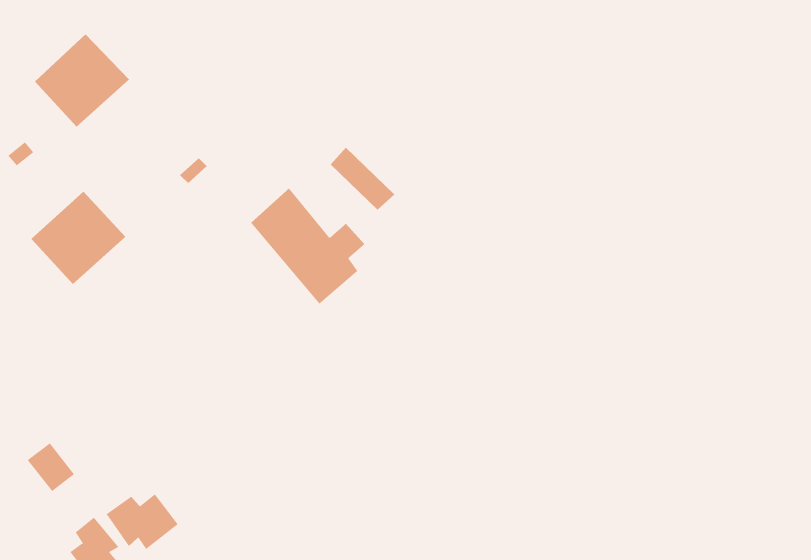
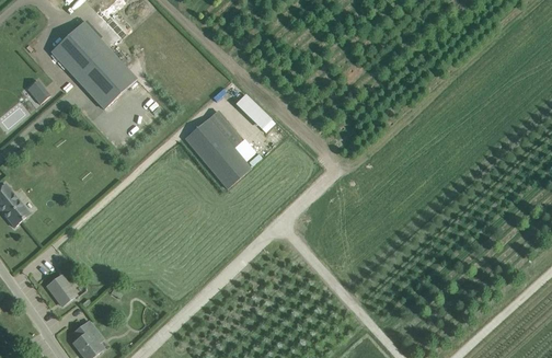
building: [30,191,126,285] -> [78,50,137,108]
building: [106,494,178,550] -> none

